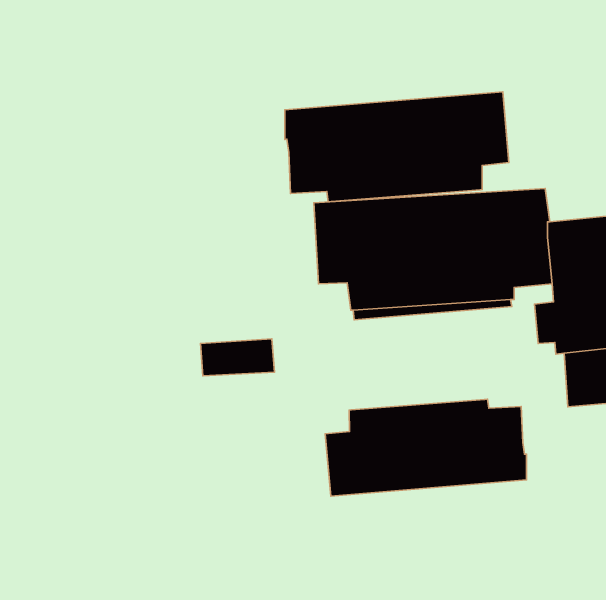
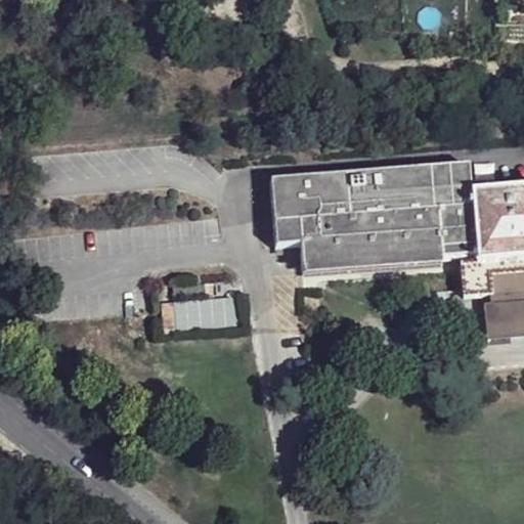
building: [285,92,509,202] -> none
building: [325,399,526,496] -> none

